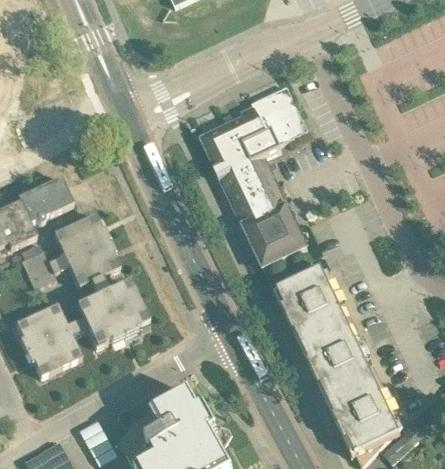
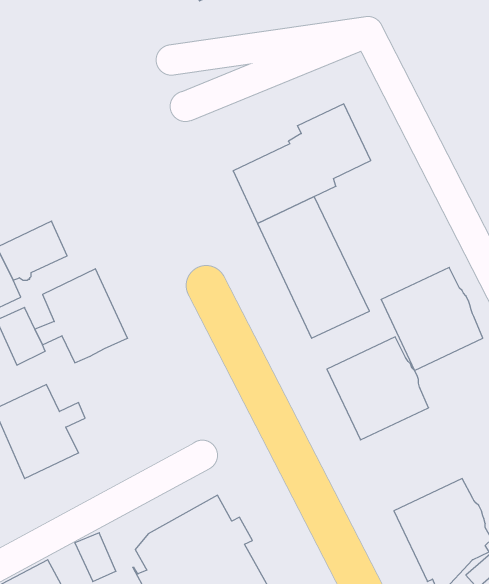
building: [75,276,148,348] -> none
building: [300,322,379,402] -> [381,267,483,370]

